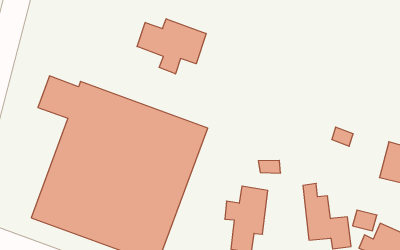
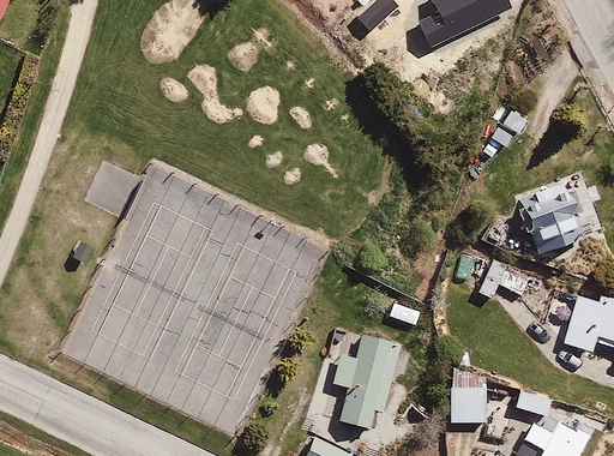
building: [137,19,206,74] -> none
building: none -> [516,179,585,252]

